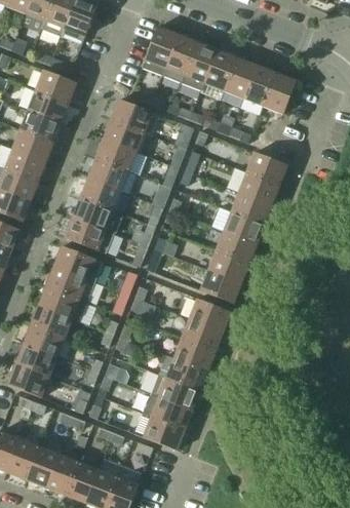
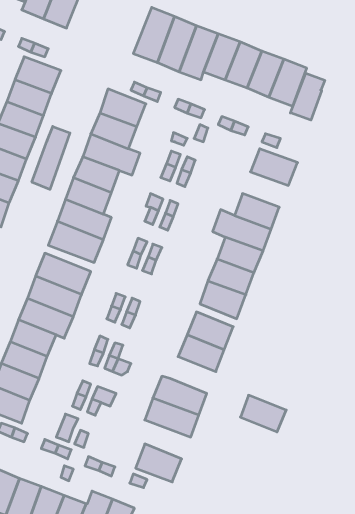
building: none -> [290,73,325,120]
building: none -> [32,126,70,189]
building: [238,172,279,204] -> none
building: [173,338,215,370] -> [240,395,286,432]
building: [143,394,192,429] -> none

